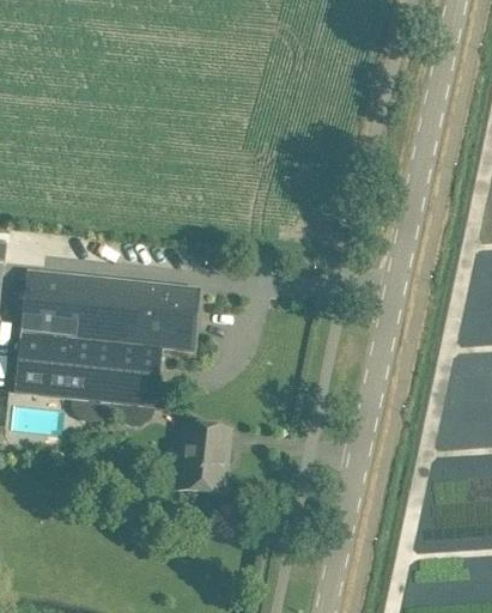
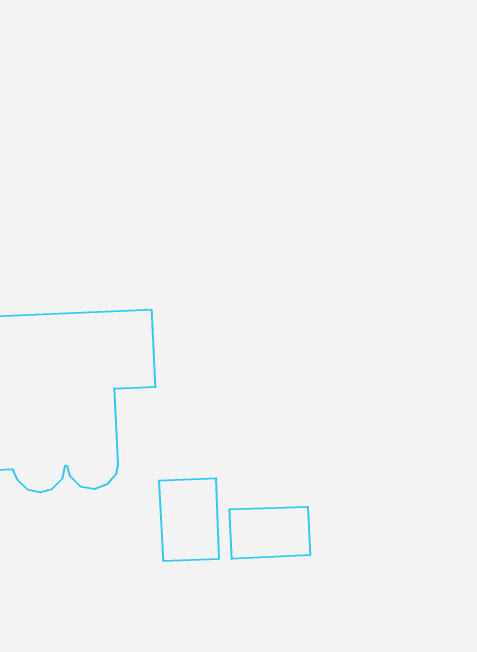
building: none -> [230,507,310,559]

